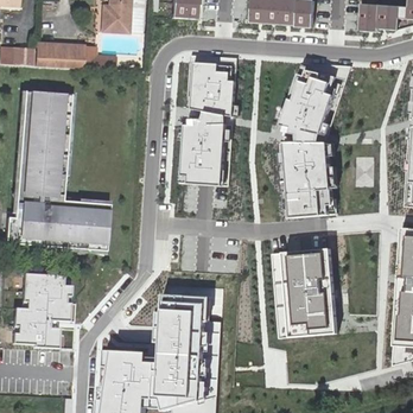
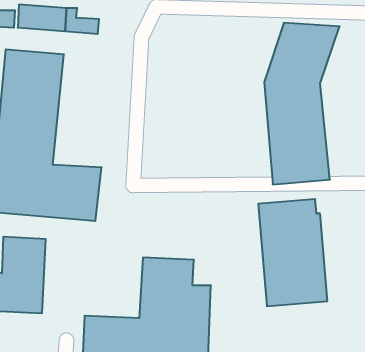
building: [177,58,234,184] -> none

